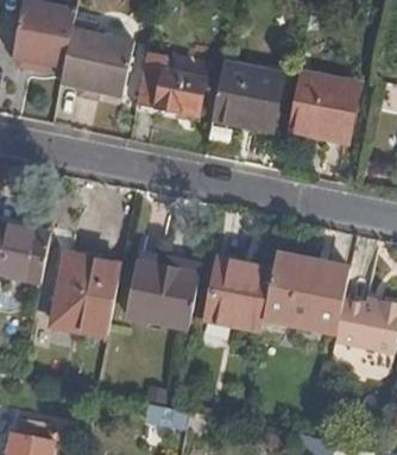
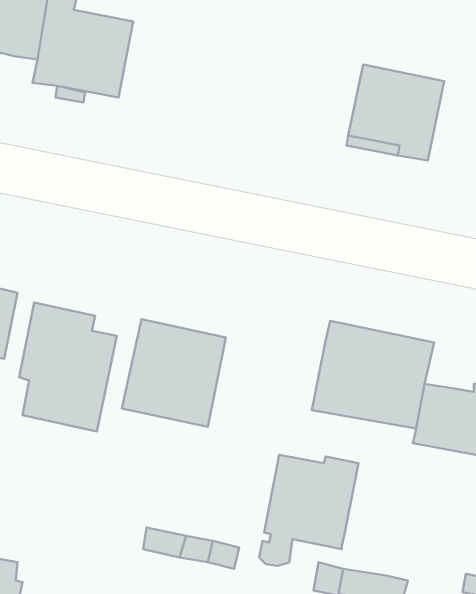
building: [137,52,206,113] -> none
building: [213,56,282,126] -> none
building: [200,264,271,343] -> [259,455,359,566]

